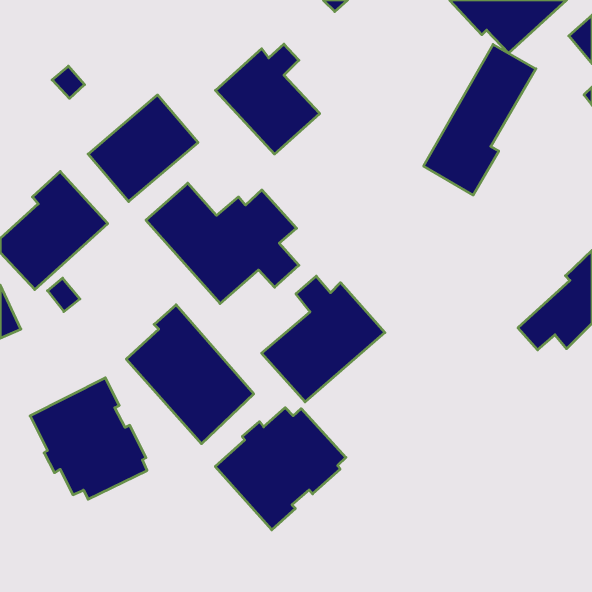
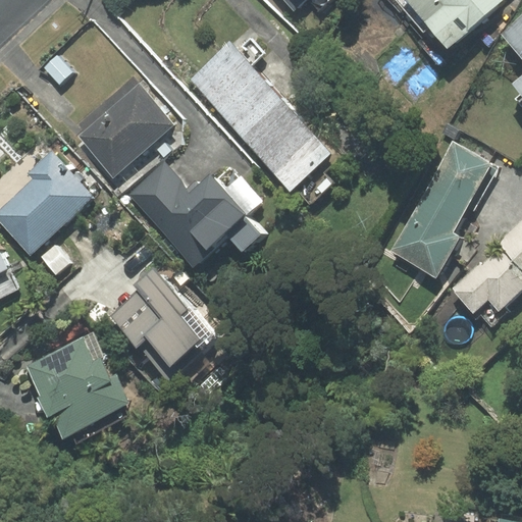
building: [424,44,536,195] -> [392,144,490,276]
building: none -> [242,100,329,189]
building: [262,276,385,402] -> none
building: [215,408,346,530] -> none

